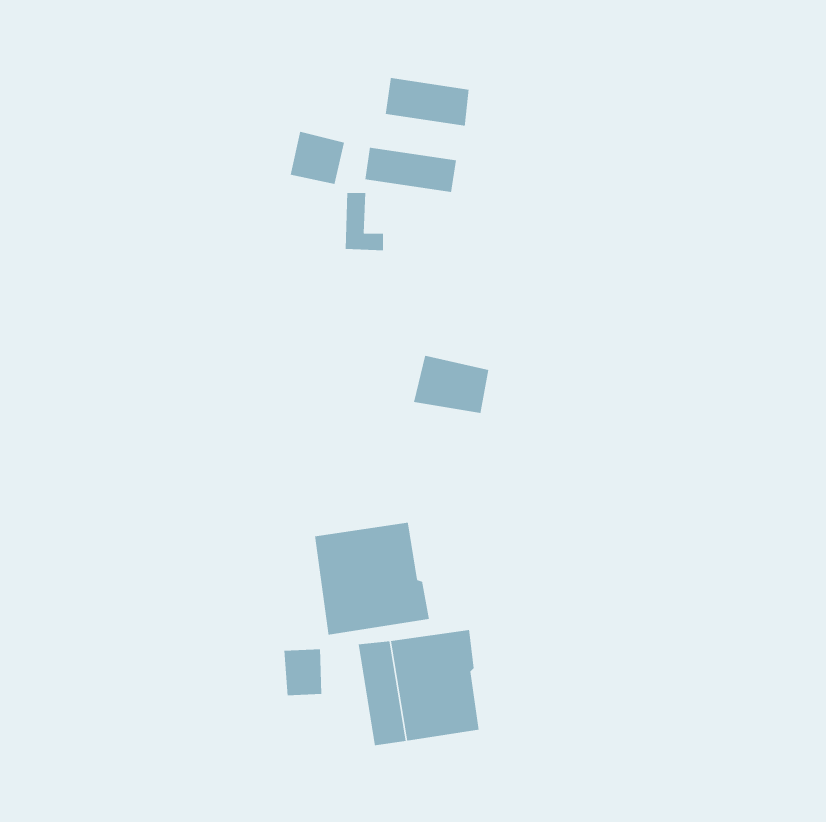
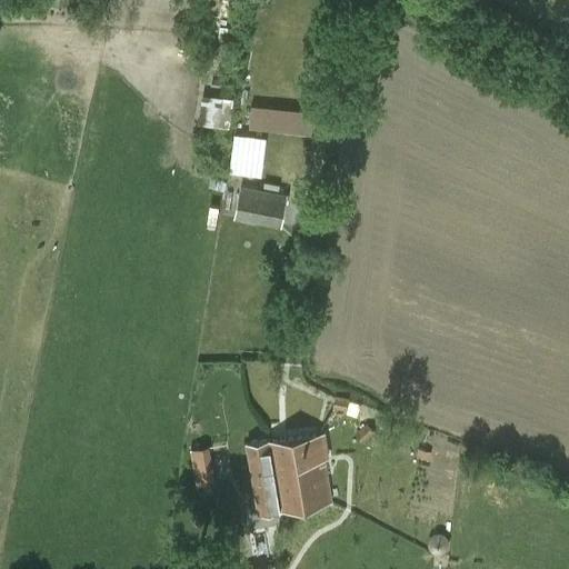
building: [385,77,469,126] -> none
building: [413,355,489,414] -> [233,189,286,229]
building: [315,522,430,636] -> none

